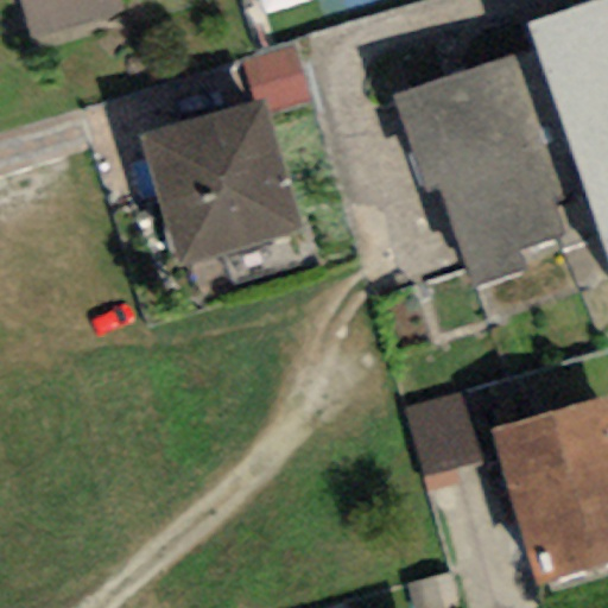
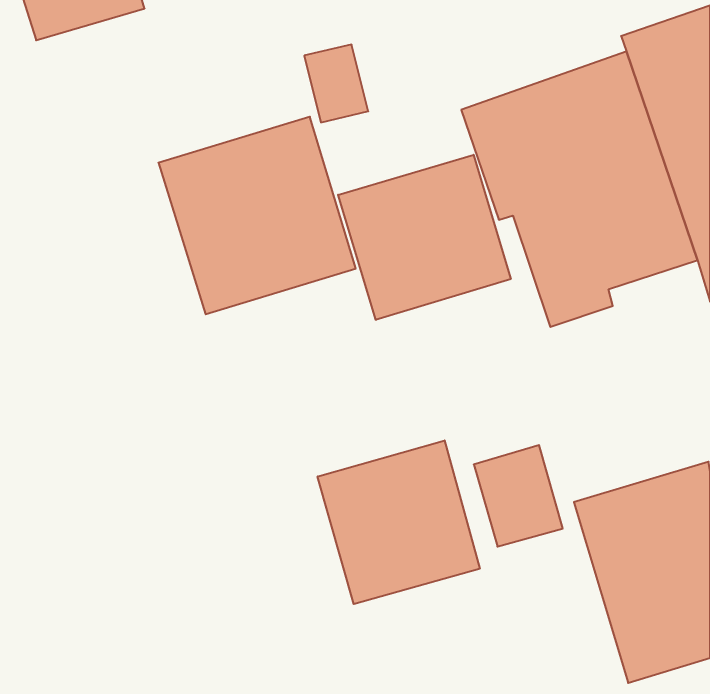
building: none -> [338,155,511,320]
building: none -> [318,440,480,604]

